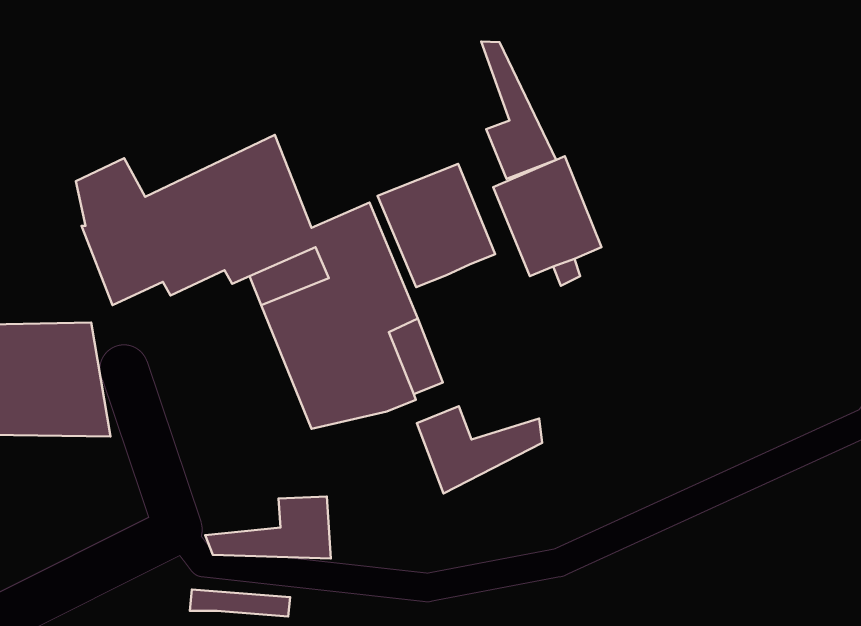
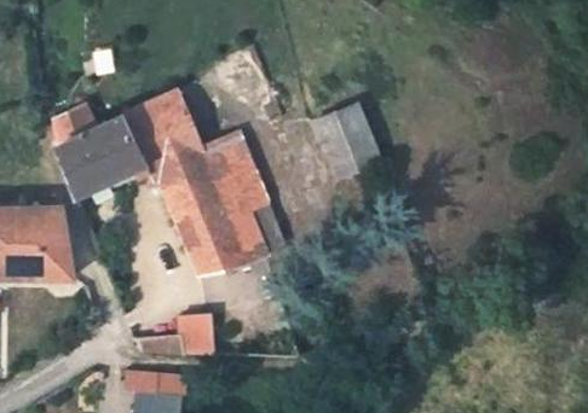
building: [481,41,556,179] -> none
building: [377,164,495,287] -> none
building: [417,406,542,494] -> none

